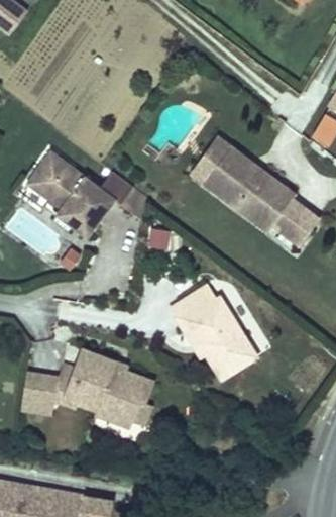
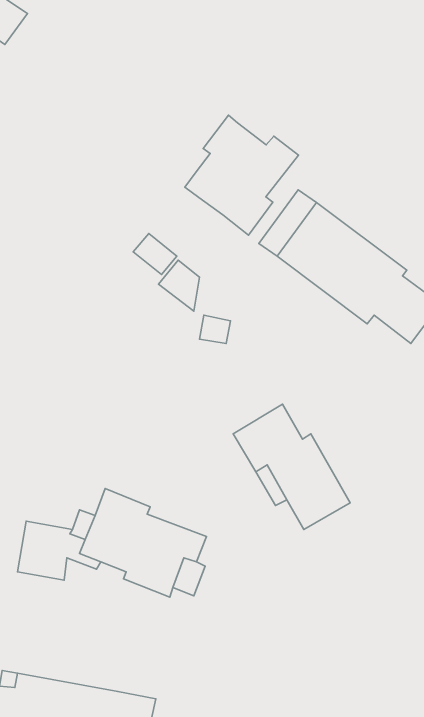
building: none -> [185,115,299,235]
building: [28,150,116,238] -> none

